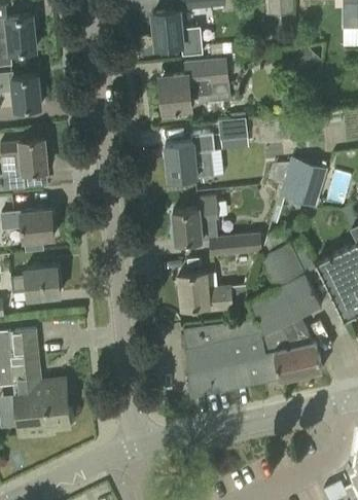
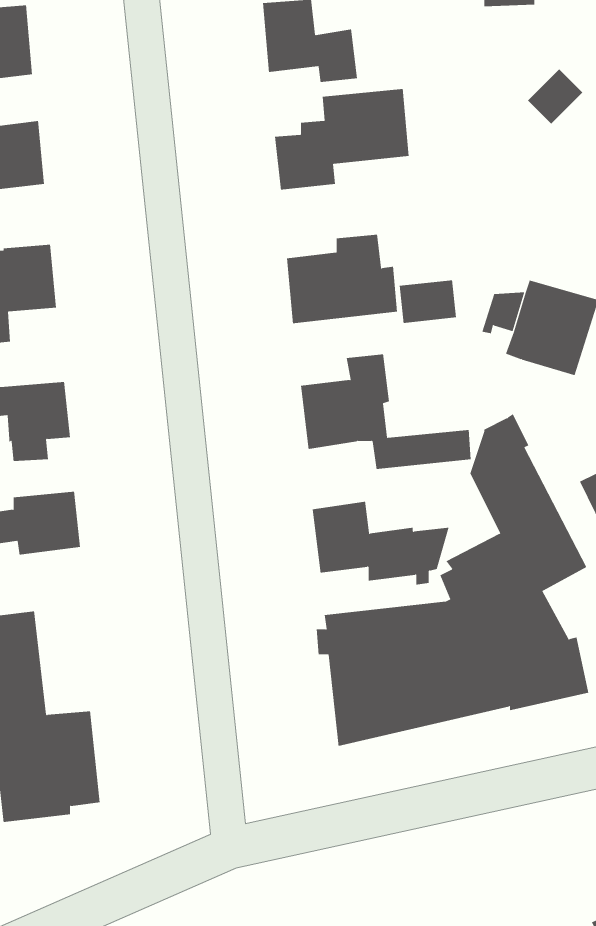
building: [218,118,248,141] -> [399,280,457,324]

